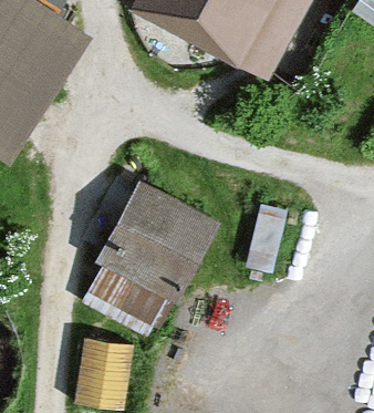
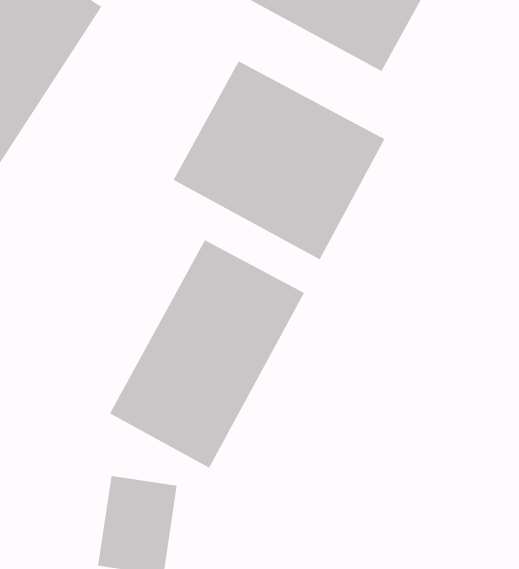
building: none -> [173,60,385,260]

